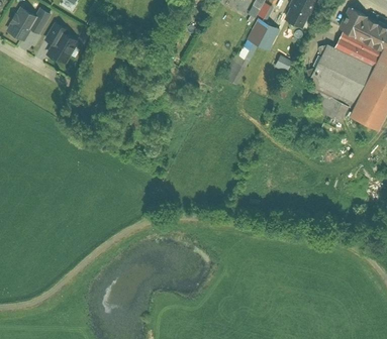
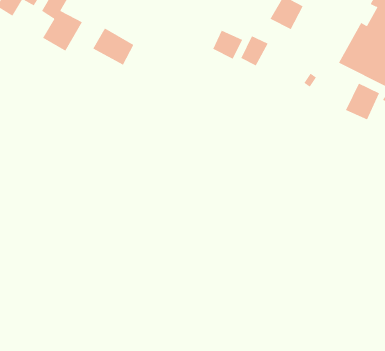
building: none -> [93,28,134,65]
building: none -> [212,30,243,59]

